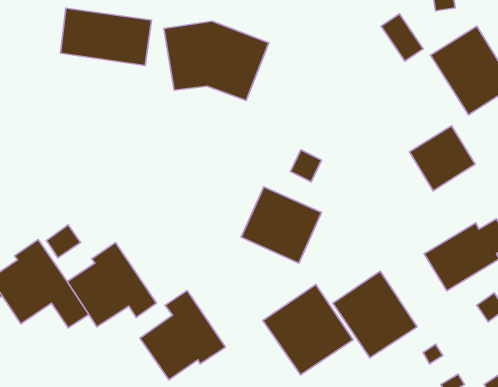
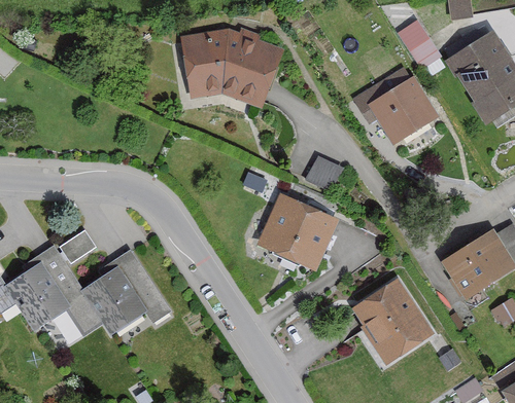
building: [60,8,152,66] -> none
building: [409,126,475,191] -> [370,78,436,143]
building: [263,285,353,375] -> none
building: [140,291,225,380] -> none

